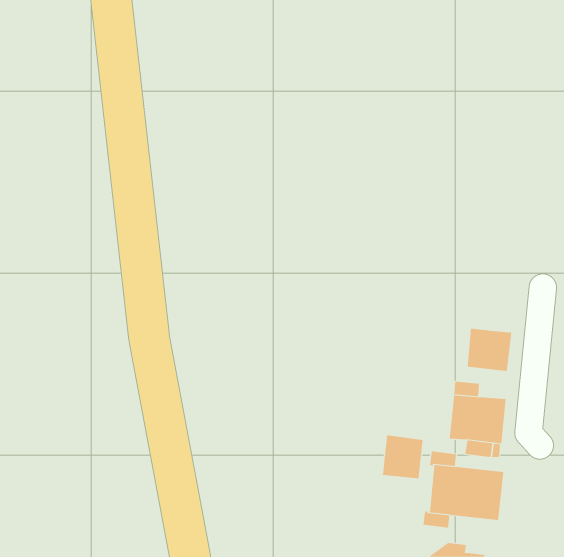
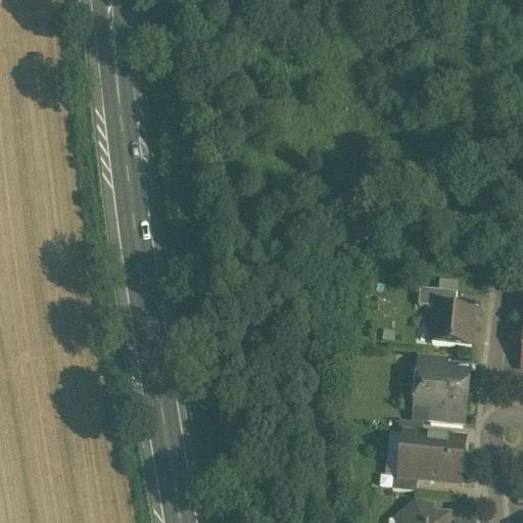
building: none -> [417,285,456,305]
building: [382,435,423,479] -> none

